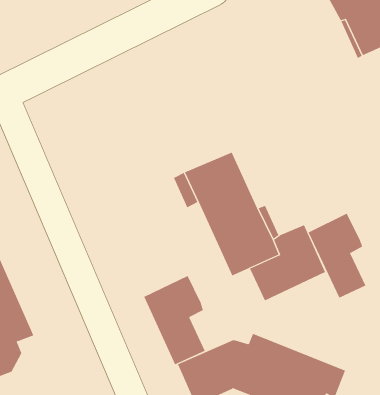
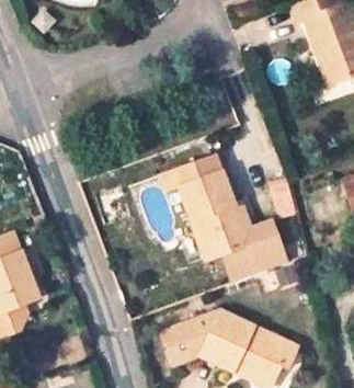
building: [308,213,366,299] -> none
building: [143,275,206,365] -> none

